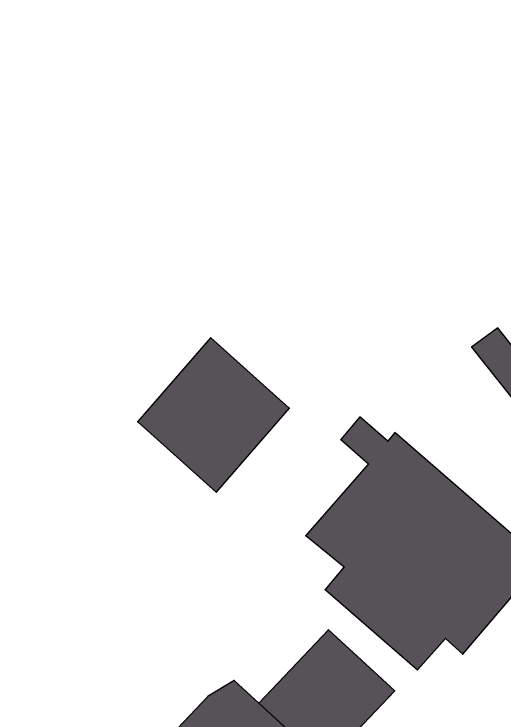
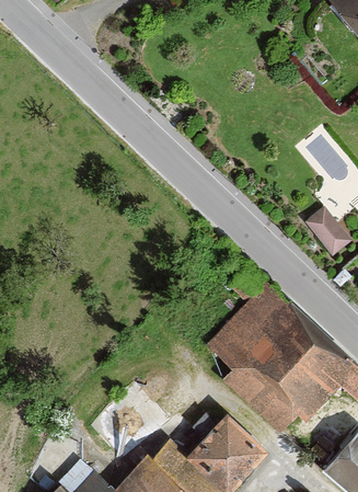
building: [138,338,289,492] -> none

